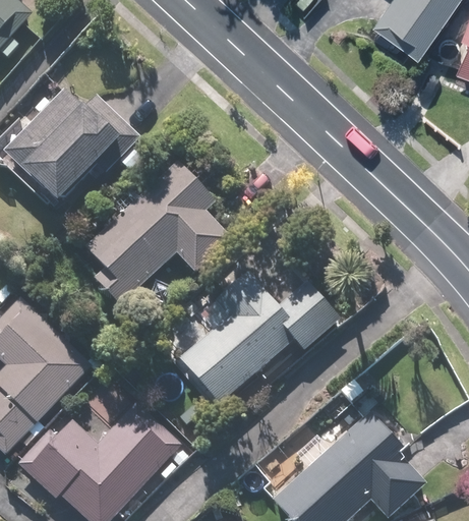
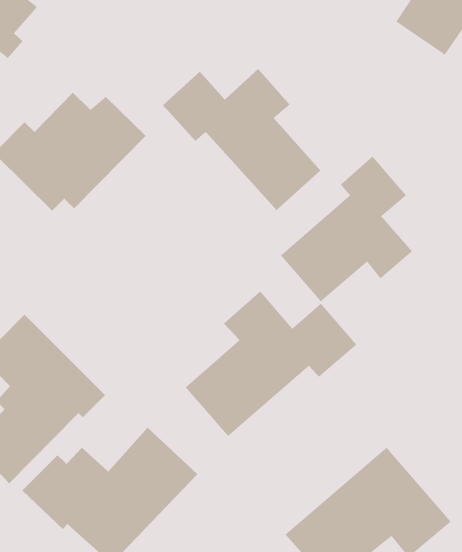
building: none -> [162,68,321,211]
building: none -> [280,156,413,302]
building: [87,160,236,304] -> none

